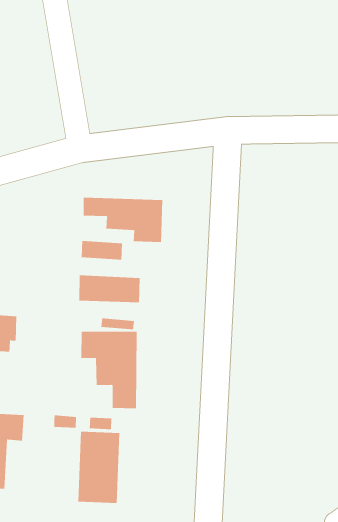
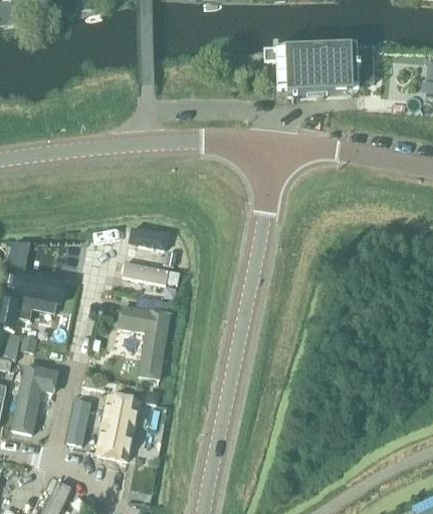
building: none -> [263,45,358,88]
building: [83,197,163,243] -> none
building: none -> [66,398,91,445]

